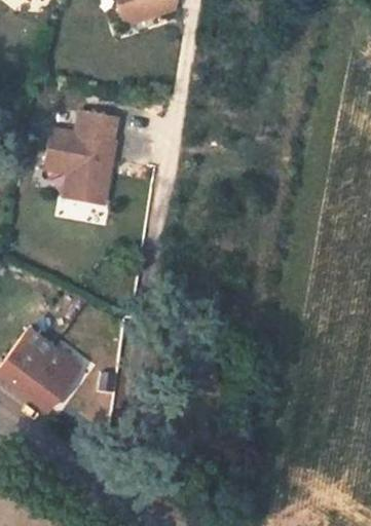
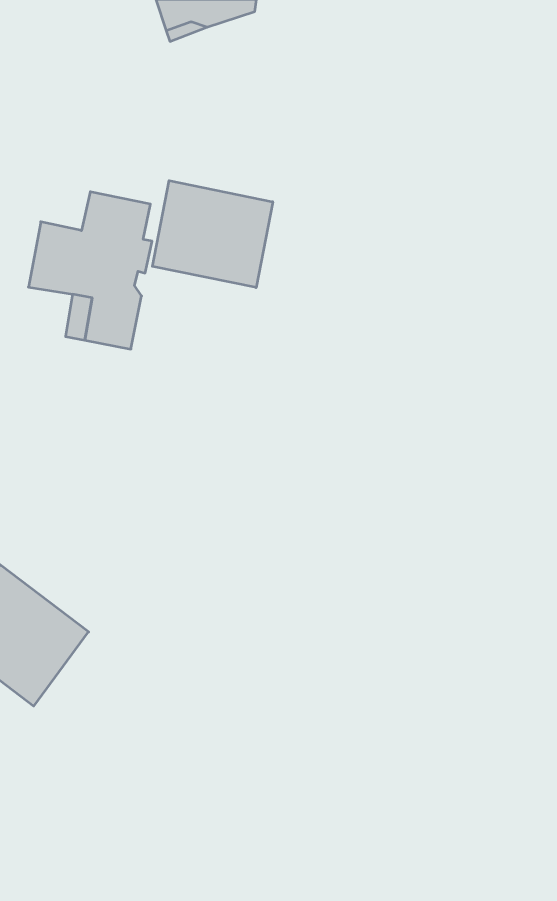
building: none -> [152,181,273,288]

